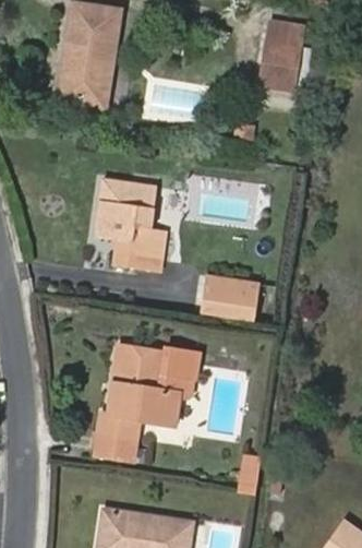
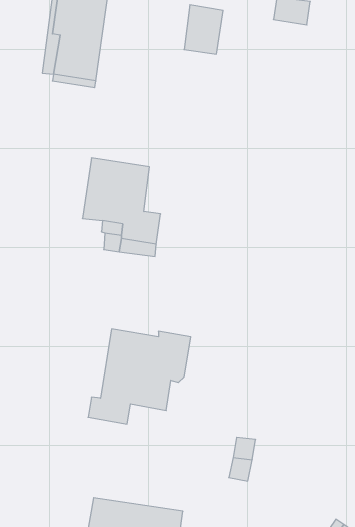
building: [274,40,312,88] -> [184,5,223,54]
building: [203,273,261,318] -> none
building: [95,429,136,461] -> none

